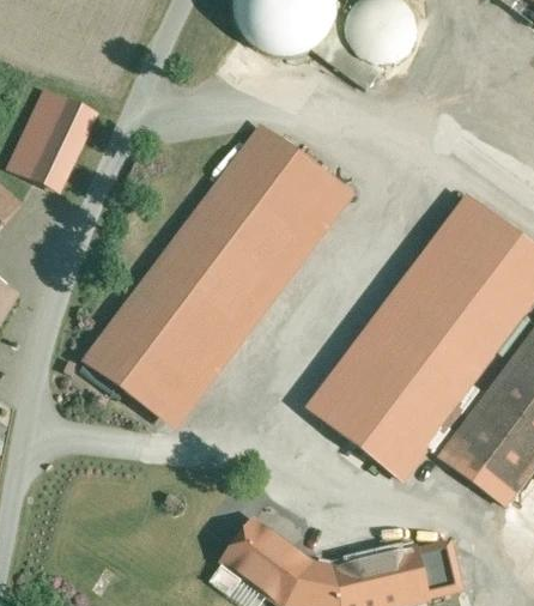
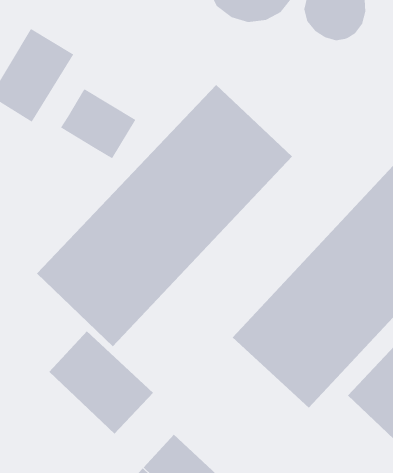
building: none -> [60,88,136,159]
building: none -> [49,331,154,434]

